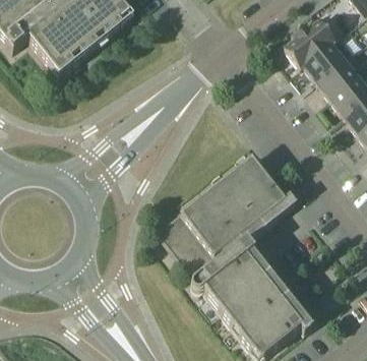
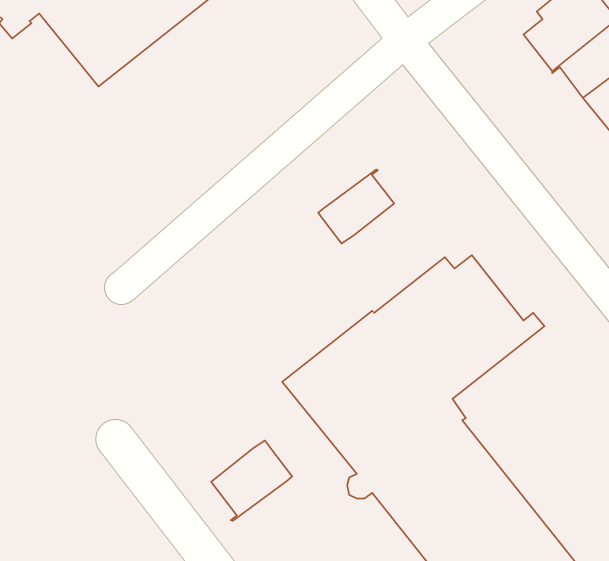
building: none -> [318,170,394,244]
building: none -> [211,440,292,521]

